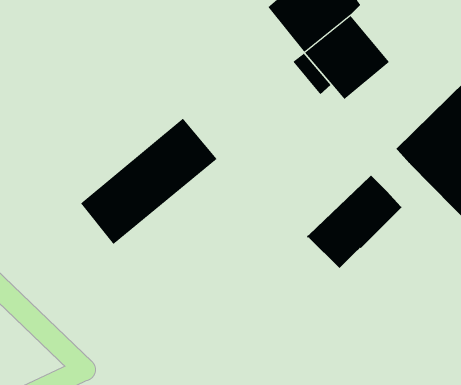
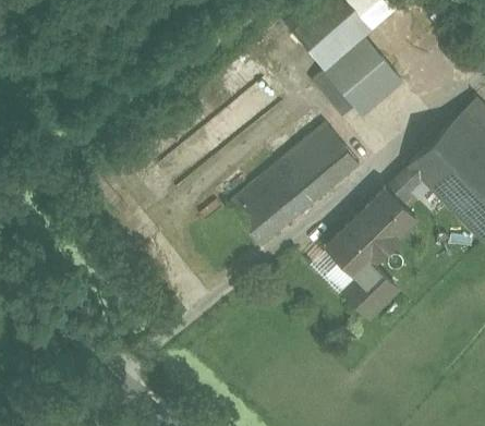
building: [80,118,217,245] -> [230,124,361,245]
building: none -> [388,165,431,204]
building: none -> [343,263,399,318]

